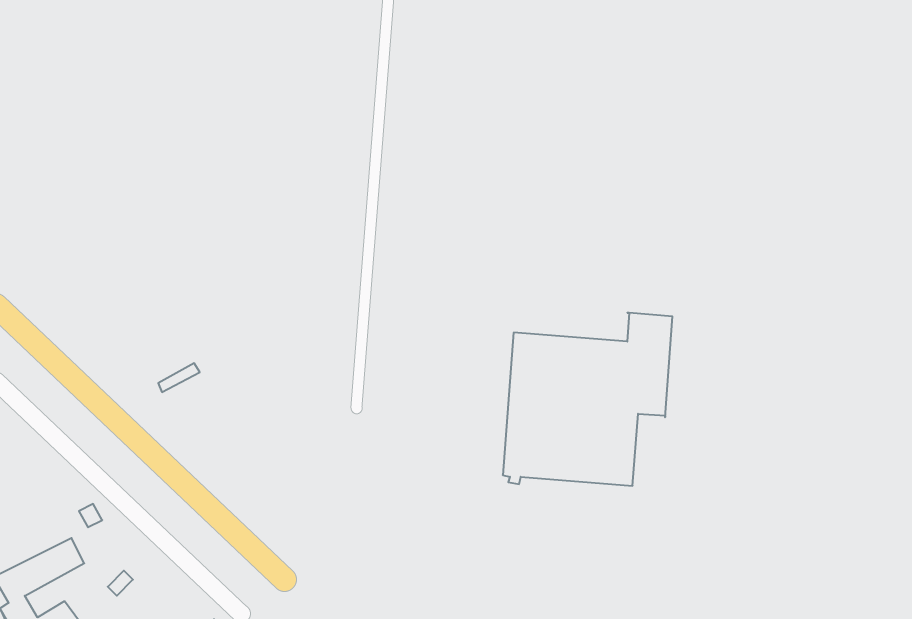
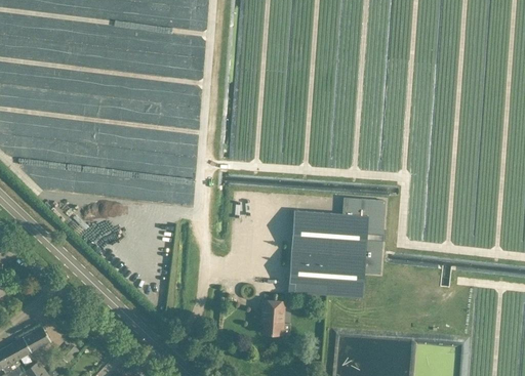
building: none -> [261,300,284,335]

